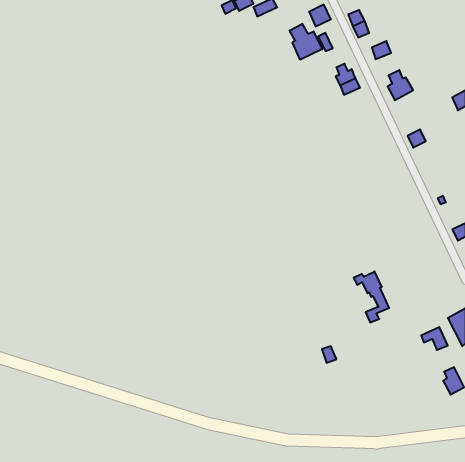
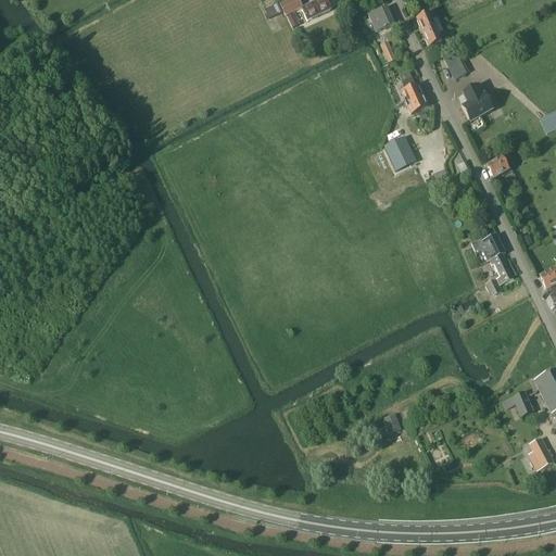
building: [290,24,322,60] -> none
building: none -> [384,136,416,169]
building: [354,271,389,322] -> [471,235,514,295]

